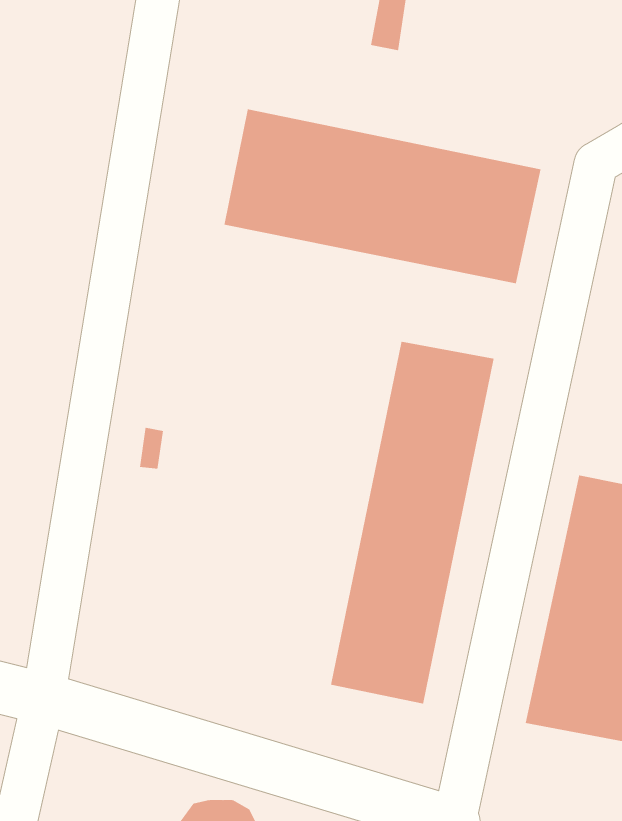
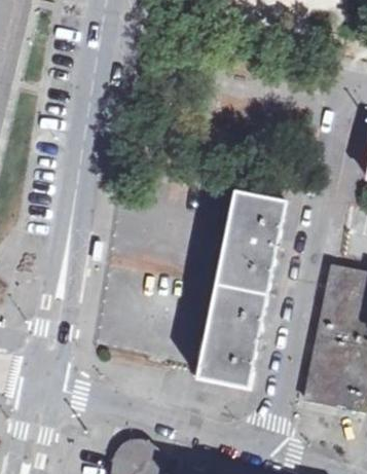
building: [224,109,541,284] -> none

